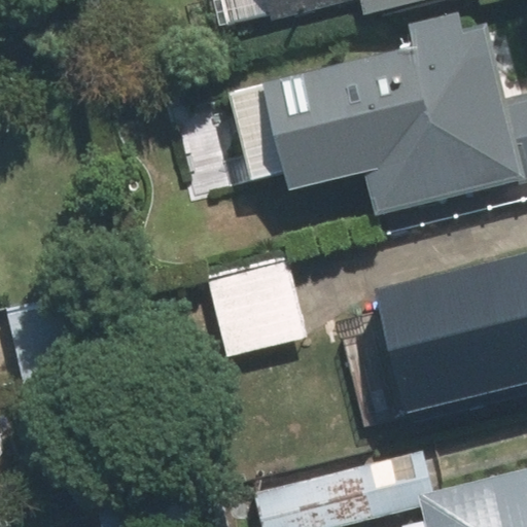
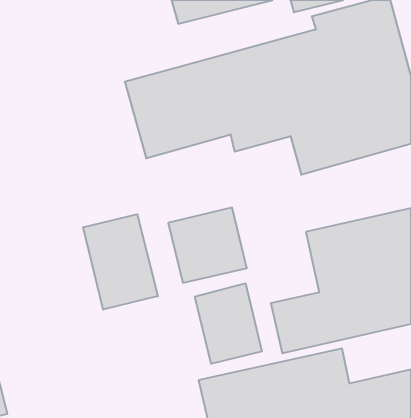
building: none -> [83,214,158,310]
building: none -> [195,283,262,364]

